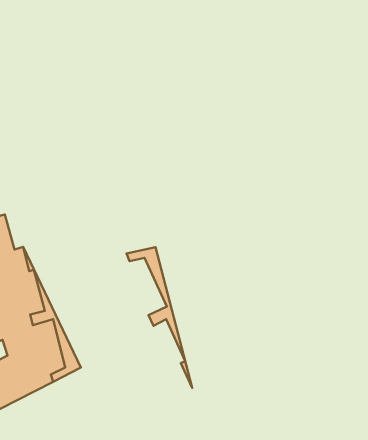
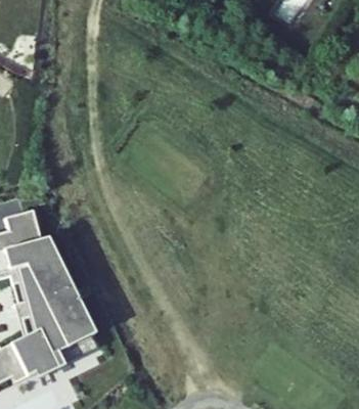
building: [126,247,192,388] -> none

